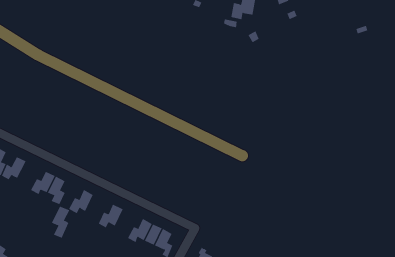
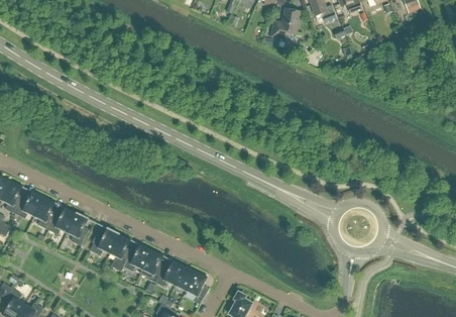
building: none -> [33,196,54,228]
building: [51,206,70,238] -> [109,233,130,270]
building: none -> [142,249,162,282]

